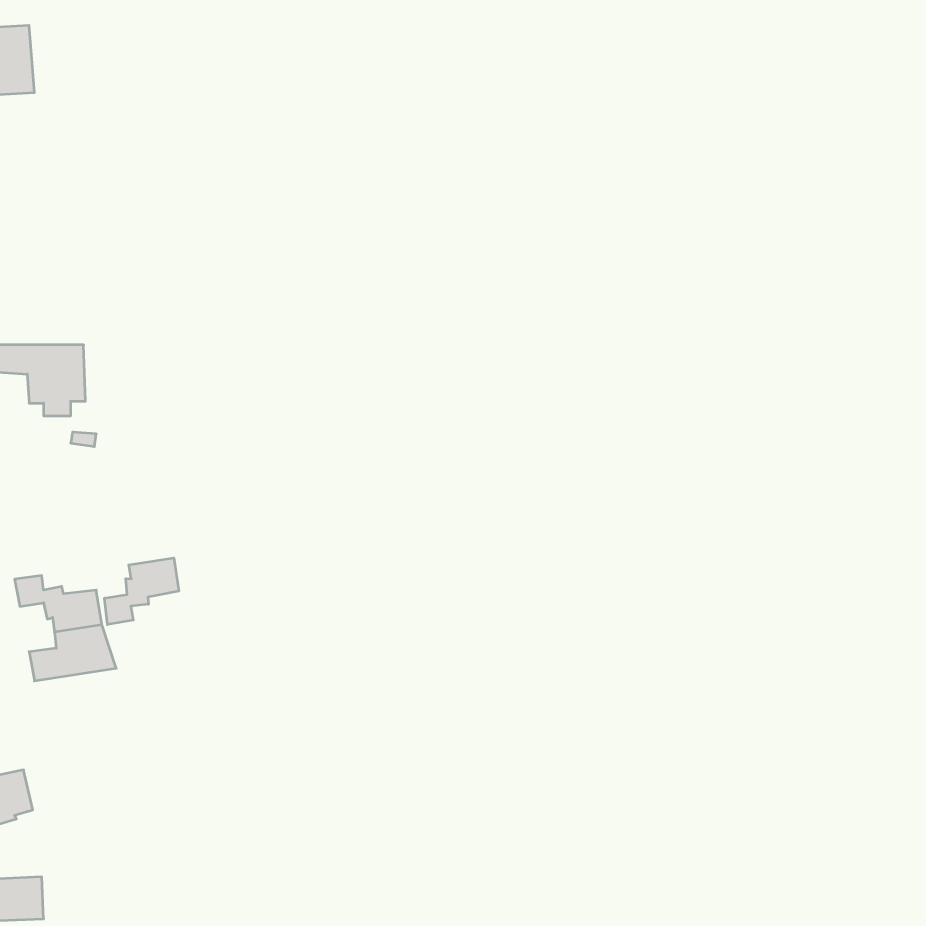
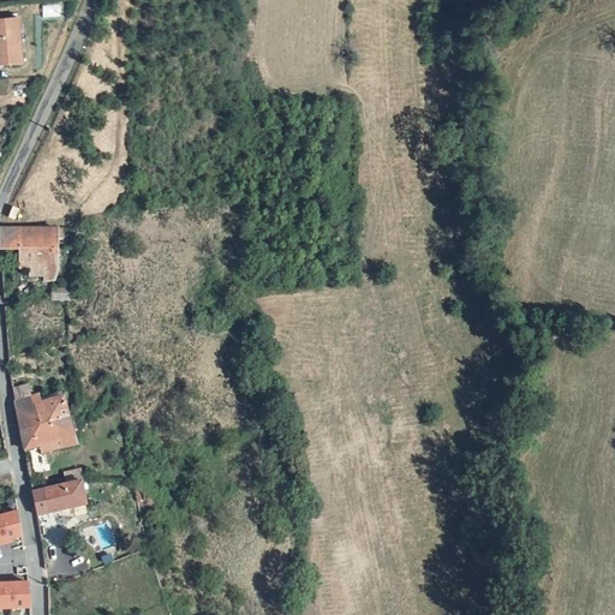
building: [105,558,179,625] -> none
building: none -> [13,399,37,431]
building: none -> [31,479,83,515]

